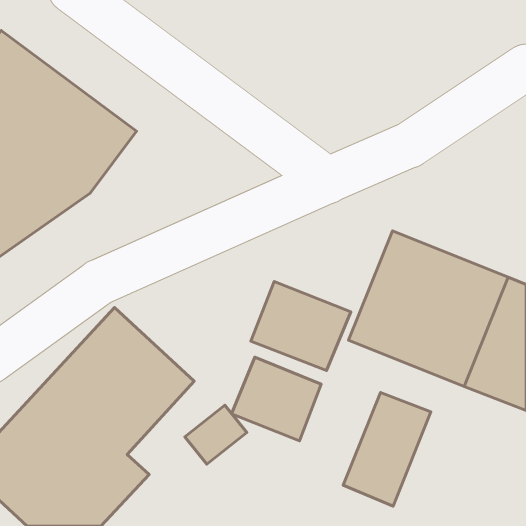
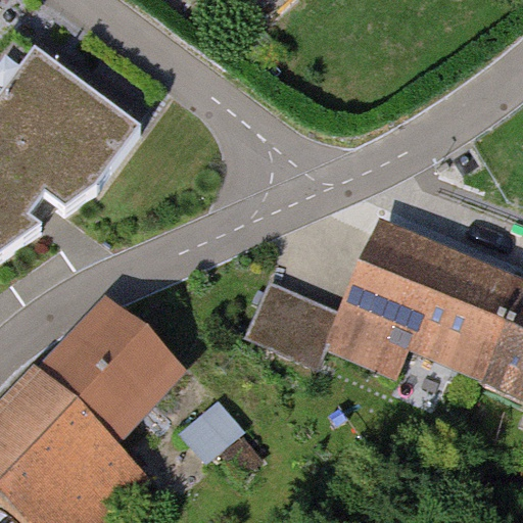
building: [232,357,321,441] -> none
building: [343,393,431,506] -> none

